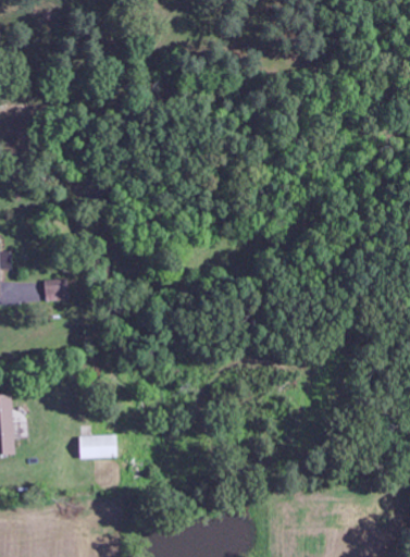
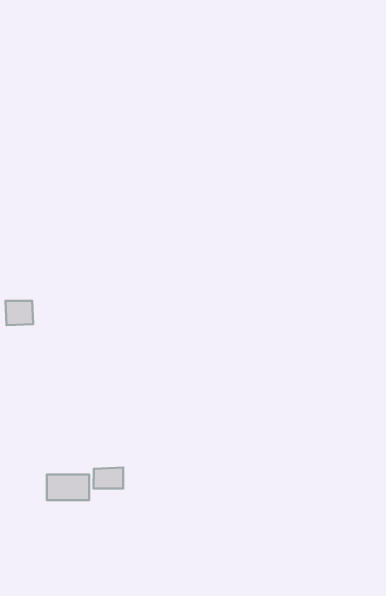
building: none -> [94,468,123,489]

